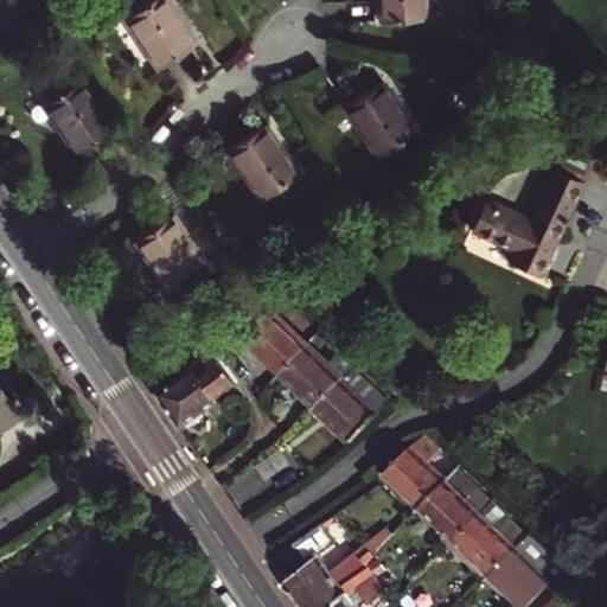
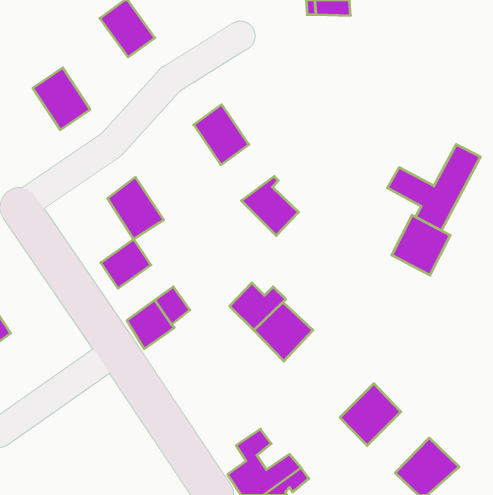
building: [351,83,418,154] -> none
building: none -> [392,215,450,275]
building: none -> [101,239,151,288]
building: [238,302,308,375] -> [241,176,299,236]
building: [379,433,458,511] -> none
building: [449,504,525,579] -> none

